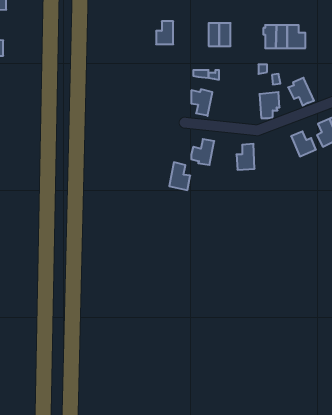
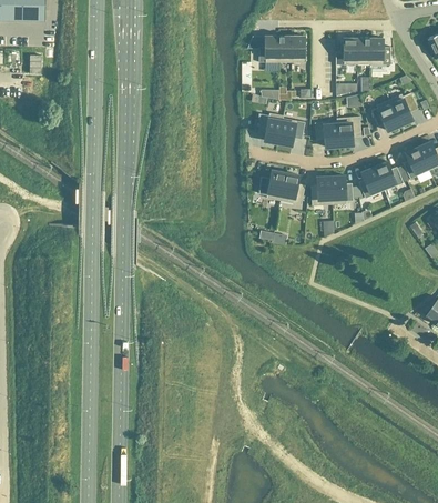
building: [156,21,173,44] -> [258,36,278,62]
building: none -> [388,92,416,125]
building: none -> [277,115,305,145]
building: none -> [314,118,339,147]
building: none -> [359,167,384,198]
building: none -> [330,175,353,204]
building: [169,162,190,190] -> [279,172,304,204]

